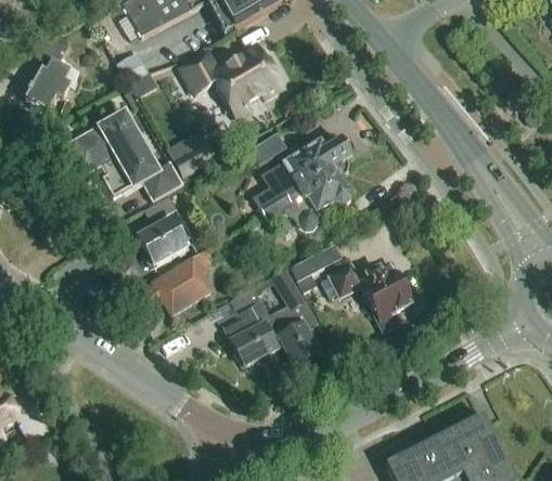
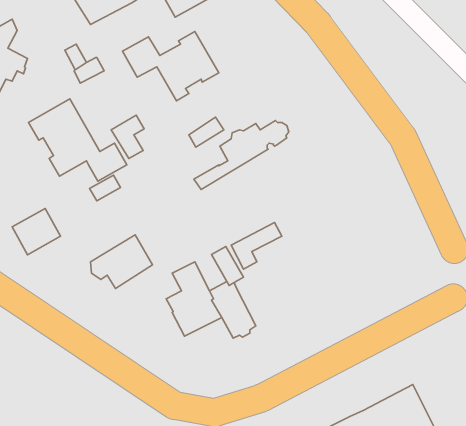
building: [252,160,350,226] -> none
building: [137,216,188,264] -> [12,208,61,255]
building: [329,261,412,329] -> none

